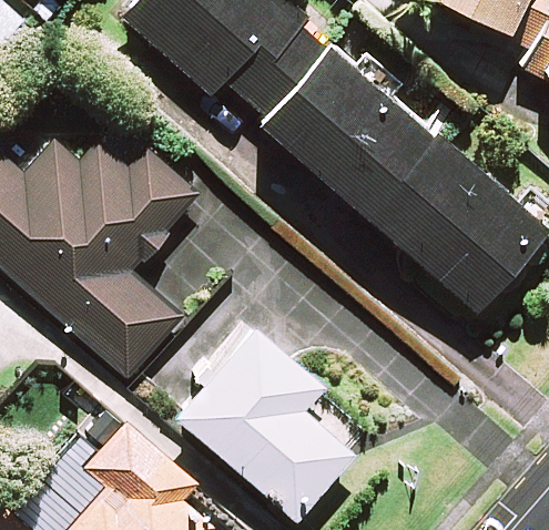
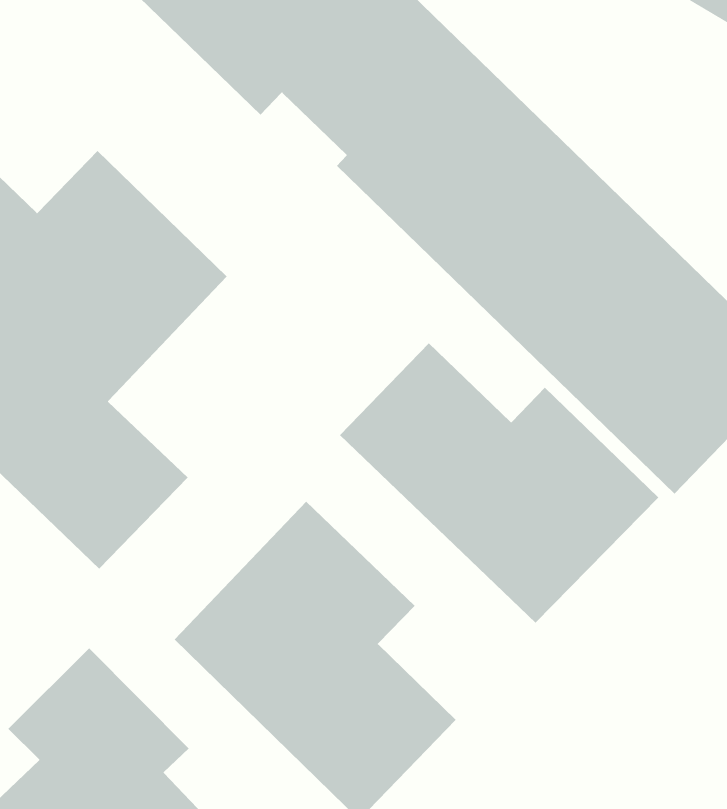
building: none -> [339,343,659,623]

